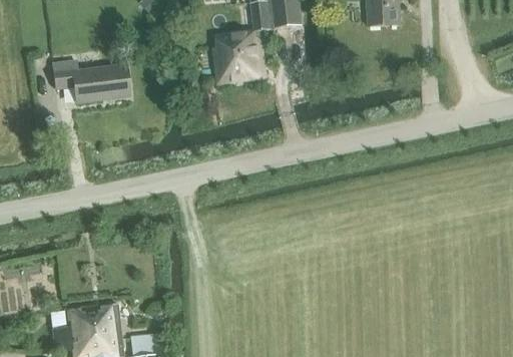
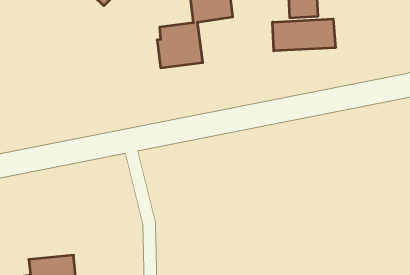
building: none -> [273,19,335,51]
building: [49,61,125,101] -> none

